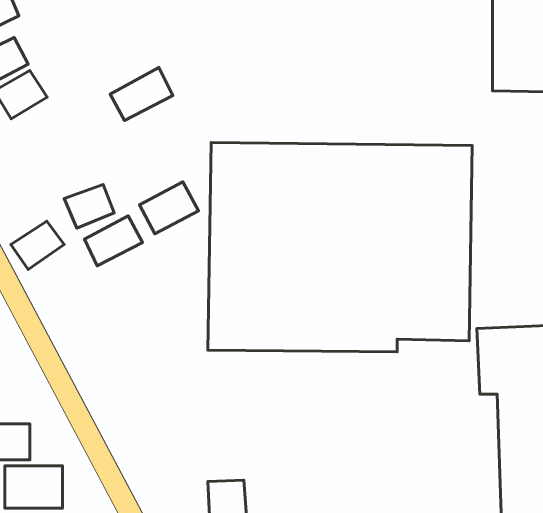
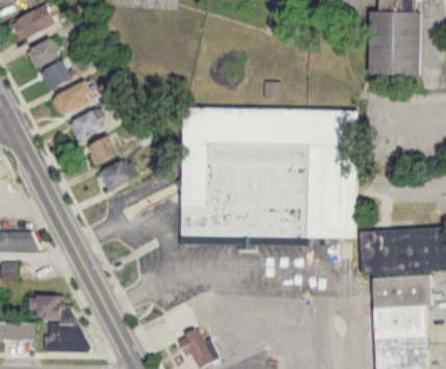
building: [110,67,173,121] -> [51,80,93,115]
building: [139,182,198,234] -> none
building: [11,221,64,270] -> [68,109,103,141]

